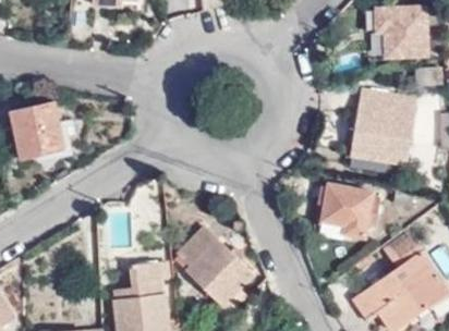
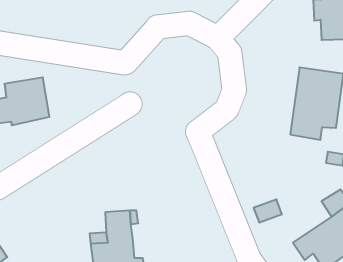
building: [318,182,374,240] -> none
building: [178,225,252,311] -> none

